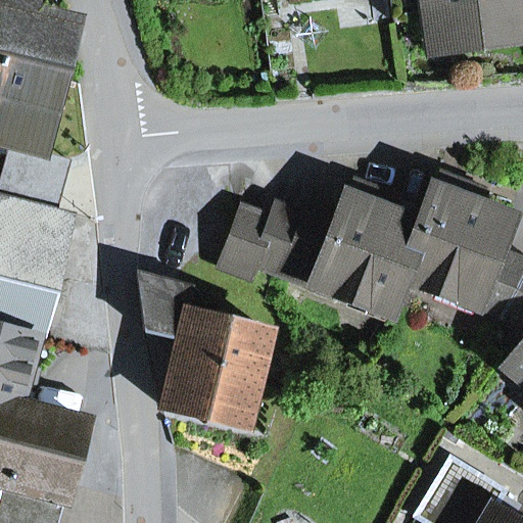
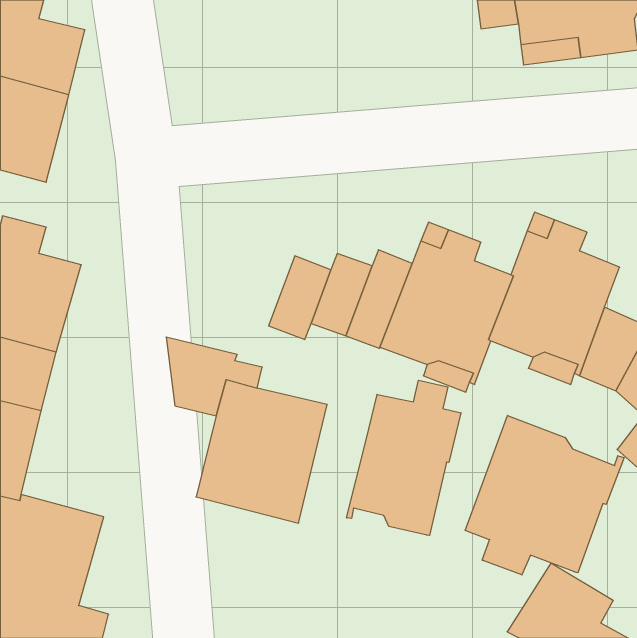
building: none -> [347,380,461,535]
building: none -> [465,415,624,575]

